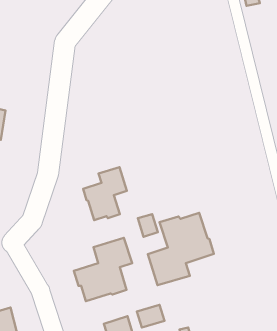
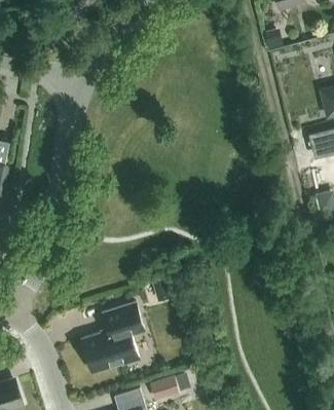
building: [83,167,127,220] -> none
building: [148,213,214,285] -> none

